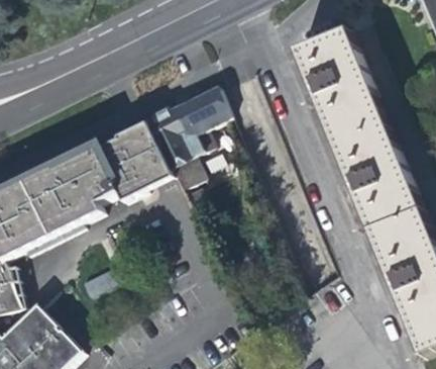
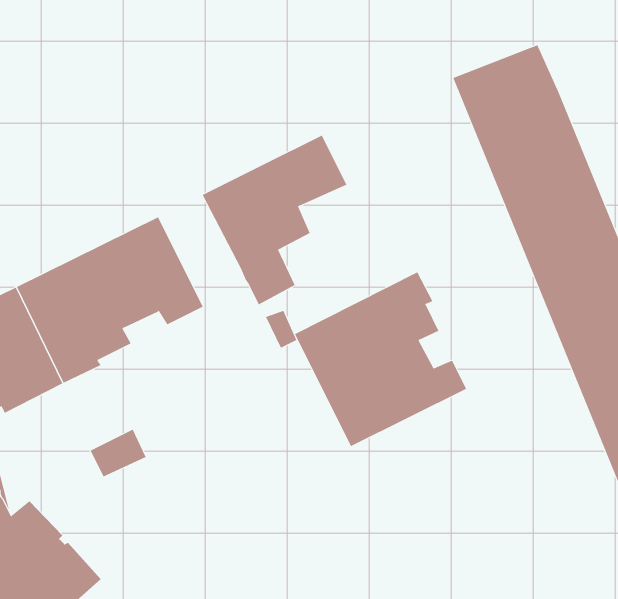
building: [117,119,172,187] -> none
building: none -> [294,271,467,447]

